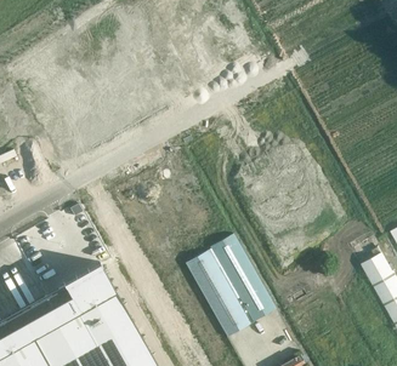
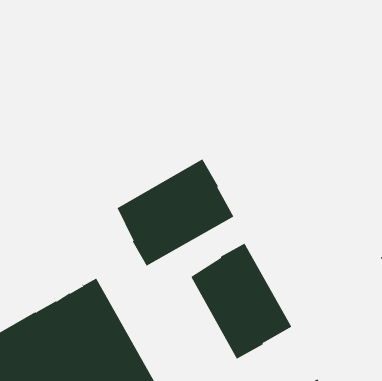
building: none -> [117,159,234,266]

